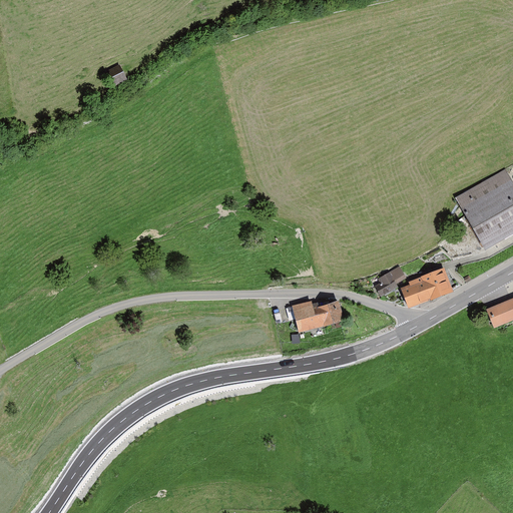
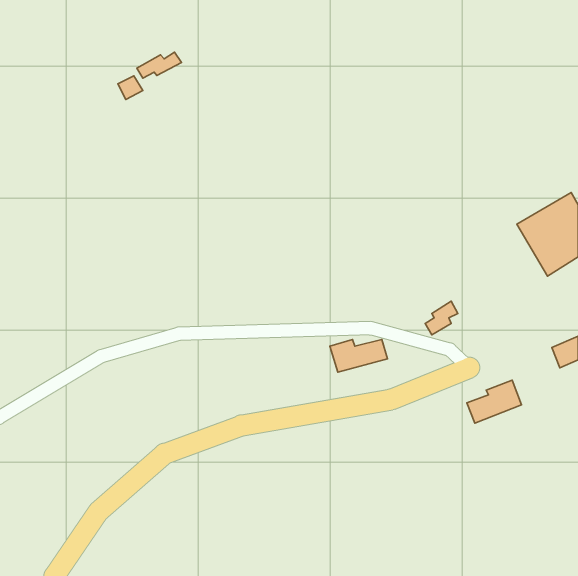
building: none -> [137,52,181,78]
building: [403,268,451,306] -> [467,380,521,423]

